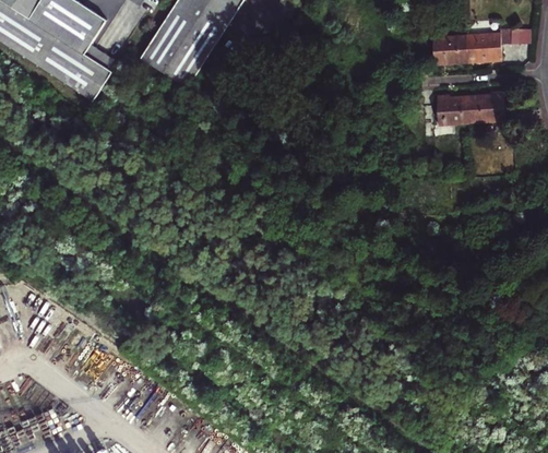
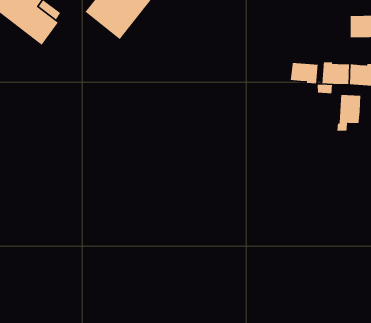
building: [432,35,468,65] -> none
building: none -> [290,62,318,84]
building: none -> [337,94,361,132]

